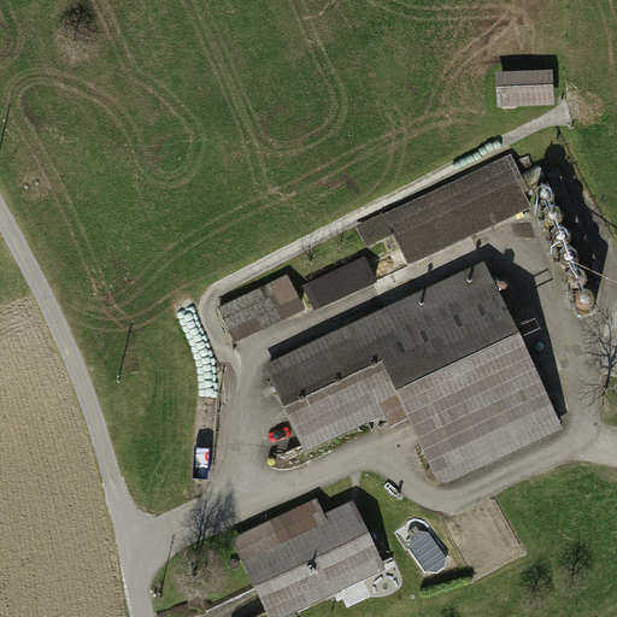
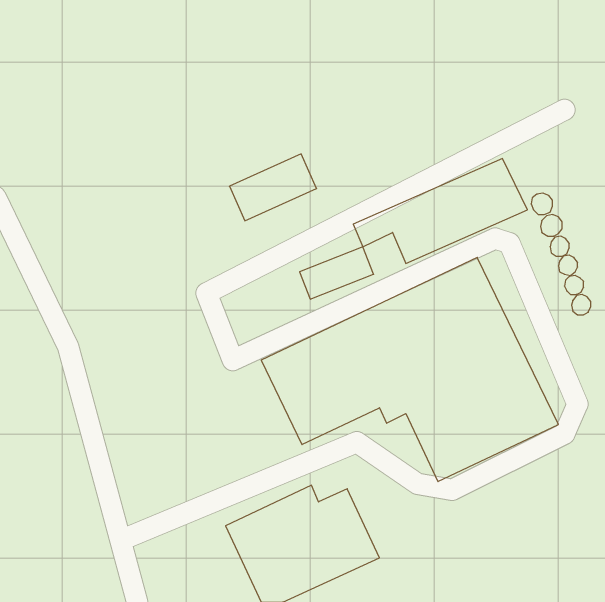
building: [496,64,552,100] -> none
building: [219,277,307,345] -> [229,154,317,221]

